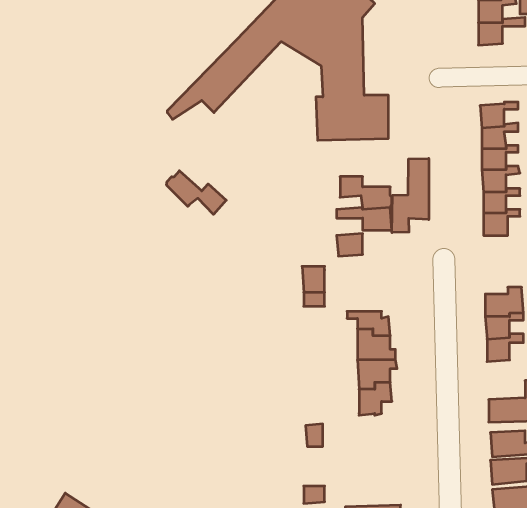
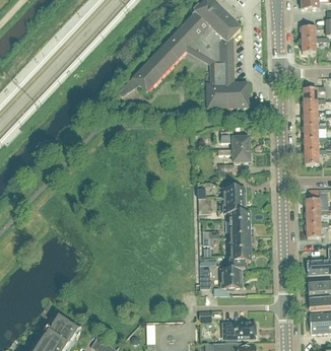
building: [392,158,429,233] -> none
building: [167,171,226,214] -> none
building: none -> [223,187,245,208]
building: none -> [221,268,242,287]

